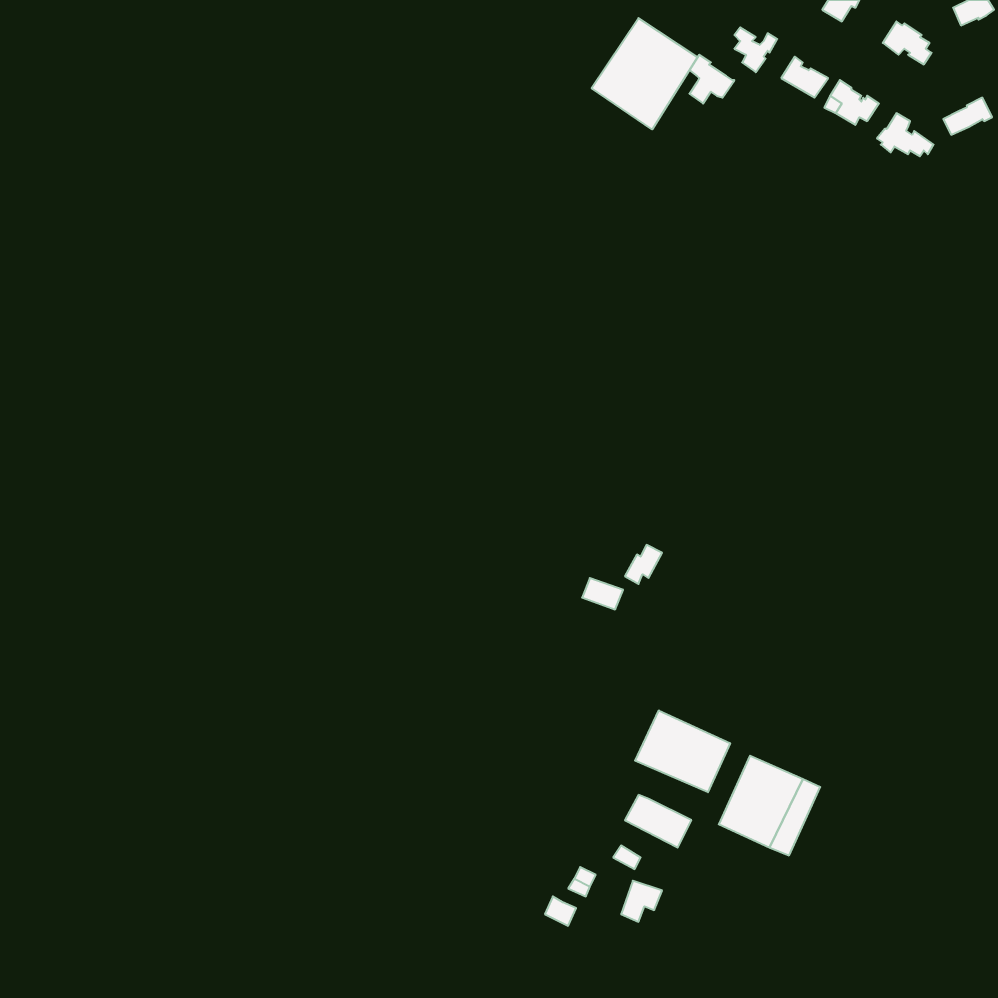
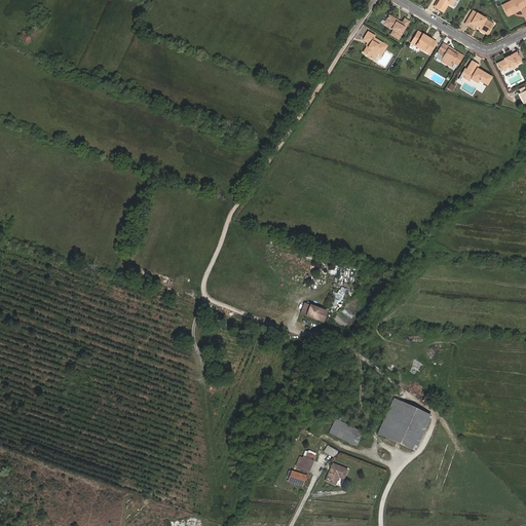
building: [592,18,698,129] -> none
building: [635,710,730,792] -> none

